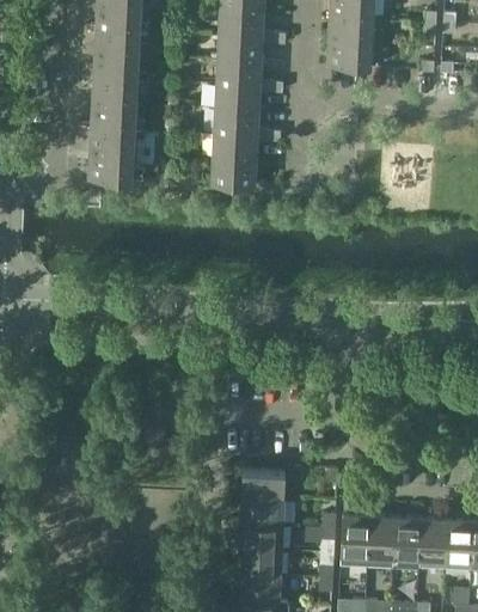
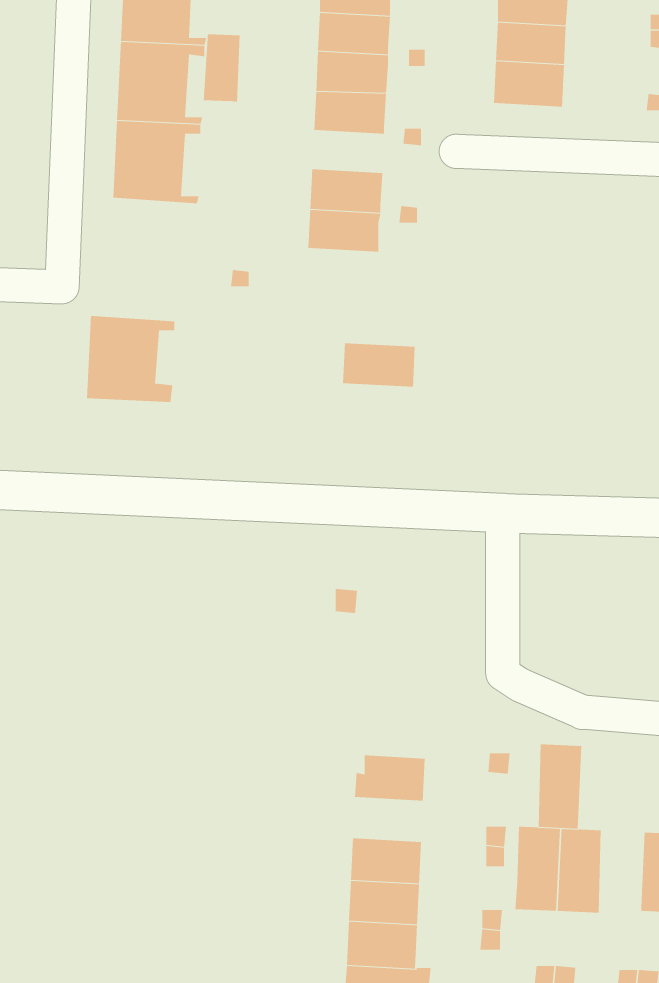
building: none -> [203,33,240,102]
building: [215,82,261,109] -> none
building: [90,124,145,178] -> [86,316,175,403]
building: [212,155,257,183] -> [342,343,416,387]
building: [240,495,284,522] -> none
building: [393,515,421,568] -> [538,744,582,829]

